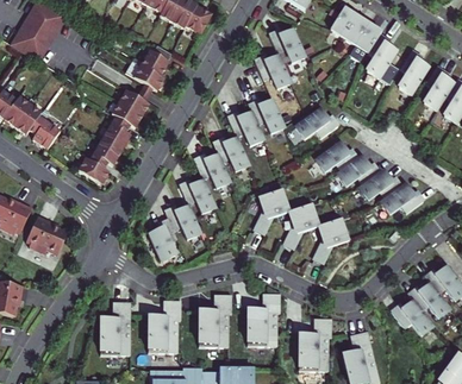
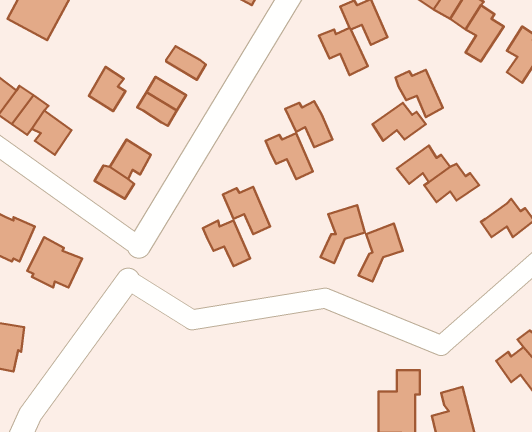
building: [141,43,169,76] -> none
building: [246,95,283,132] -> [395,70,443,117]
building: [102,115,131,150] -> [89,67,125,111]
building: [192,150,230,187] -> none
building: [357,170,399,200] -> none
building: [146,215,174,258] -> none
building: [313,218,348,263] -> none
building: [248,292,280,345] -> none
building: [199,294,231,346] -> none
building: [148,300,181,352] -> none
building: [101,301,130,352] -> none

